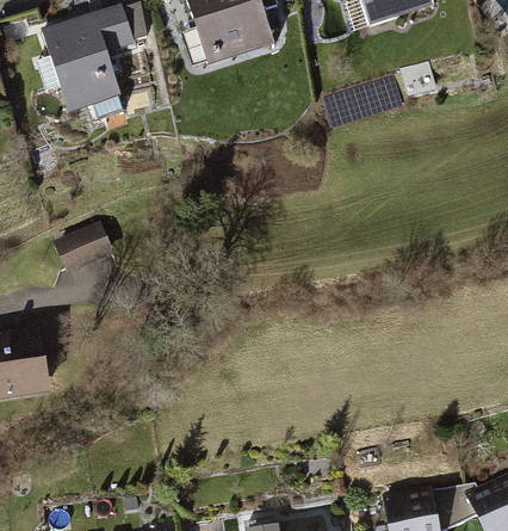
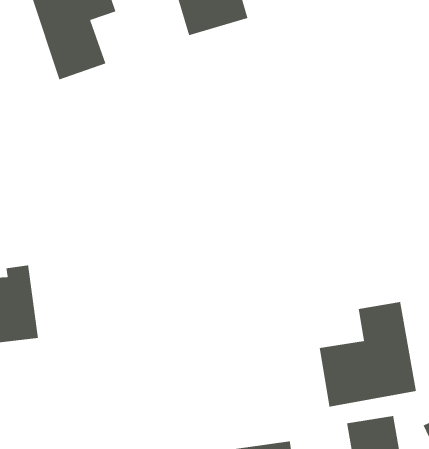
building: [50,223,112,276] -> none
building: none -> [319,301,417,407]

